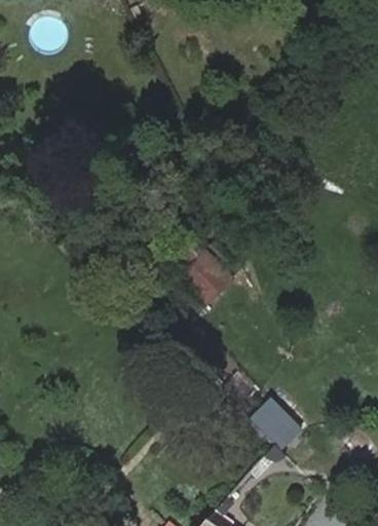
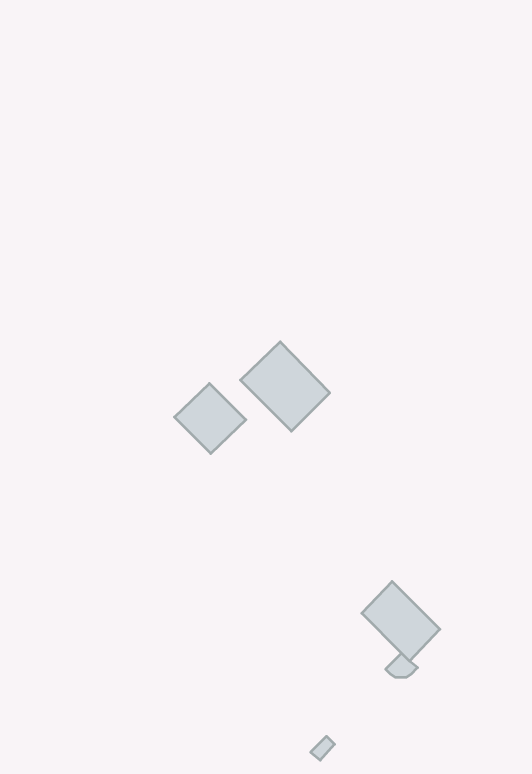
building: none -> [174,383,246,454]

